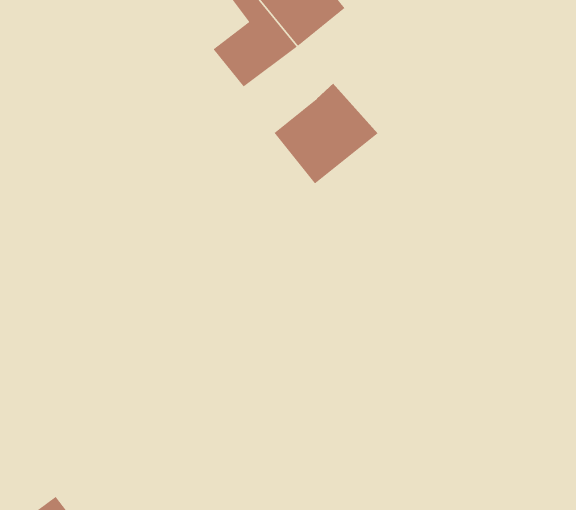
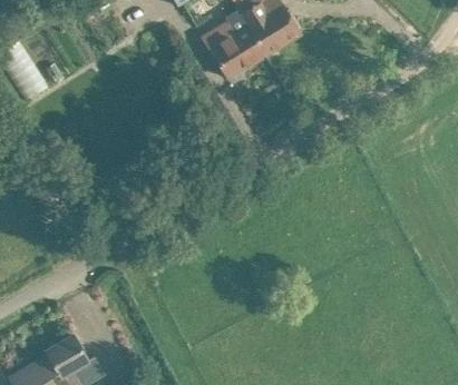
building: [274,83,378,184] -> none

